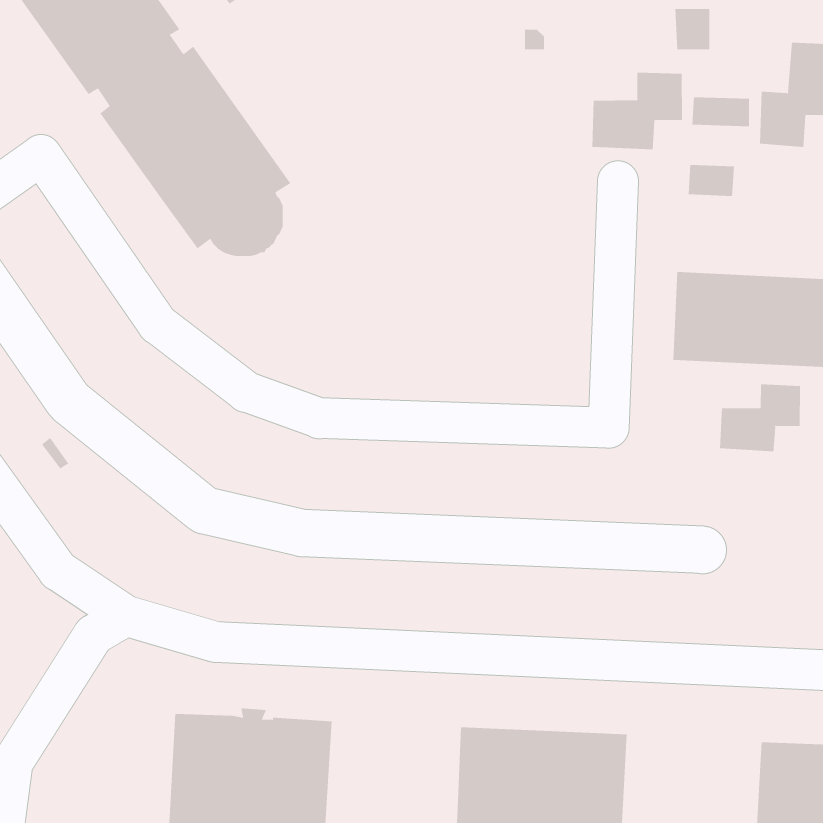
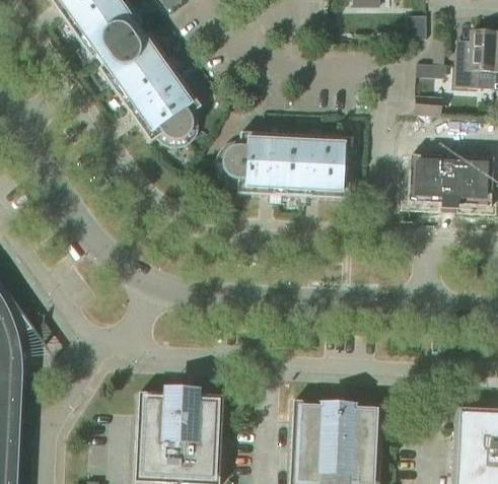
building: [592,72,682,150] -> none
building: none -> [216,133,352,200]
building: [720,384,801,452] -> none

